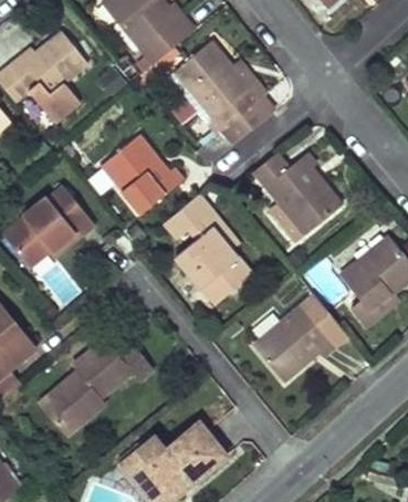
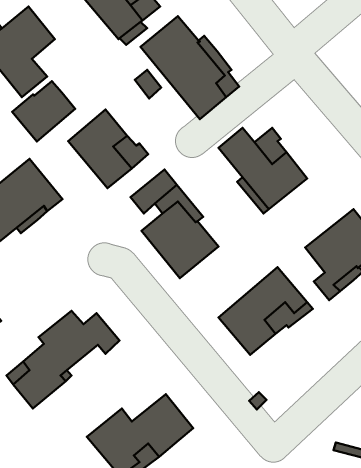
building: none -> [12,81,75,141]

